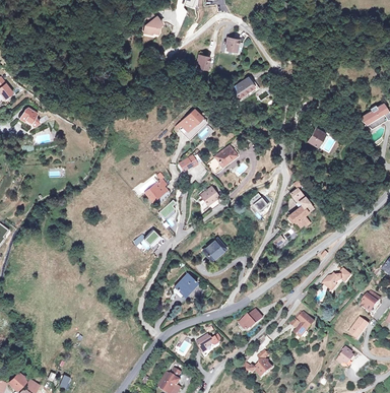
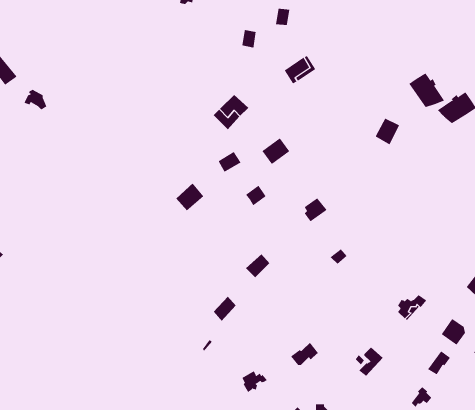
building: none -> [409,72,445,108]
building: [285,186,307,224] -> none

